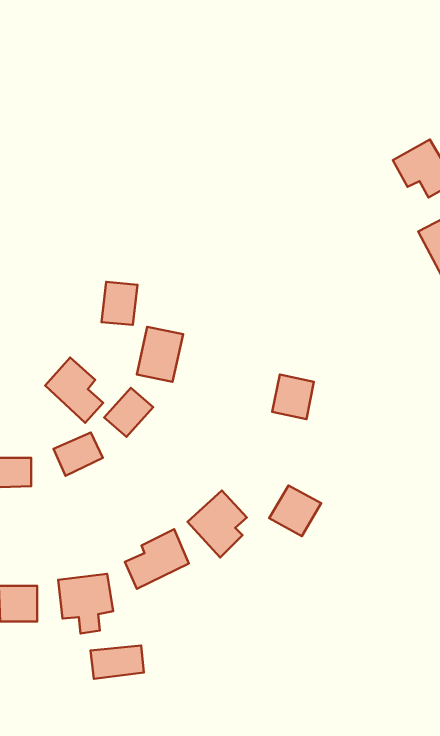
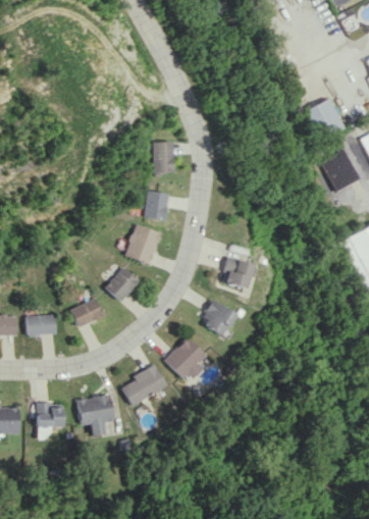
building: none -> [154,142,174,173]
building: [102,282,137,325] -> [146,191,170,220]
building: [45,358,103,423] -> none
building: [269,485,321,536] -> [199,301,234,335]
building: [90,645,144,679] -> none

